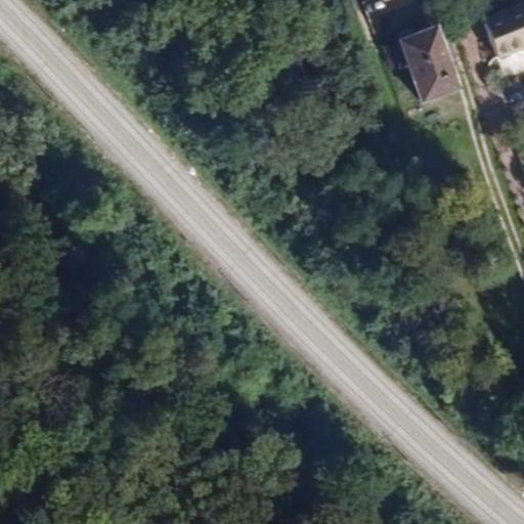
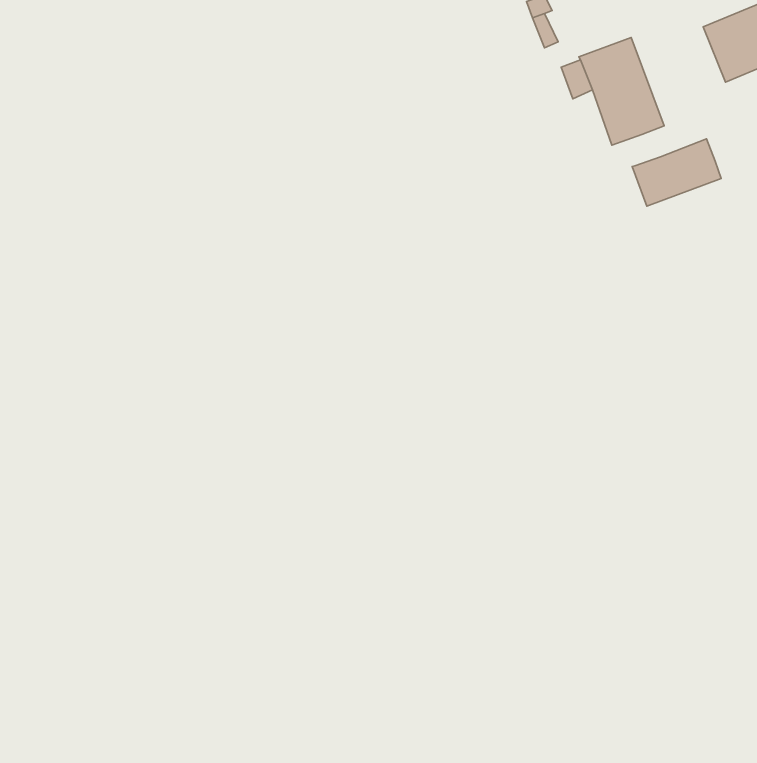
building: none -> [632,139,721,206]

